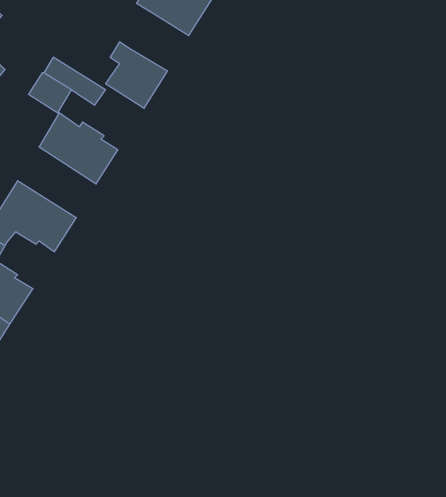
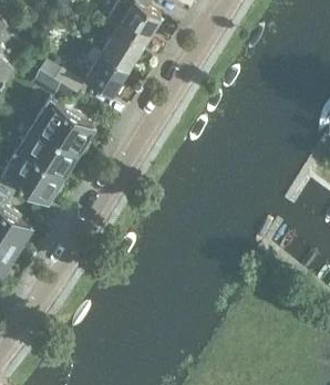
building: none -> [101,29,144,71]
building: none -> [21,125,78,176]

